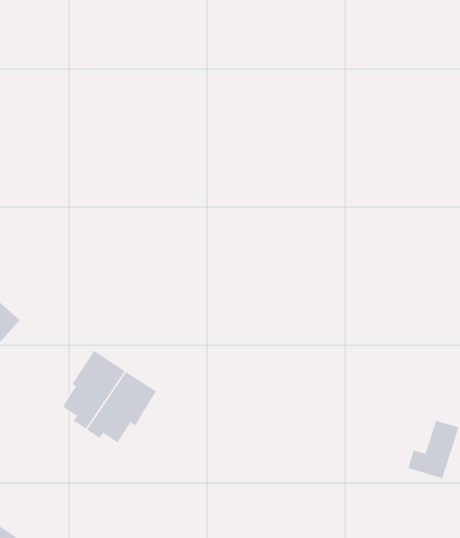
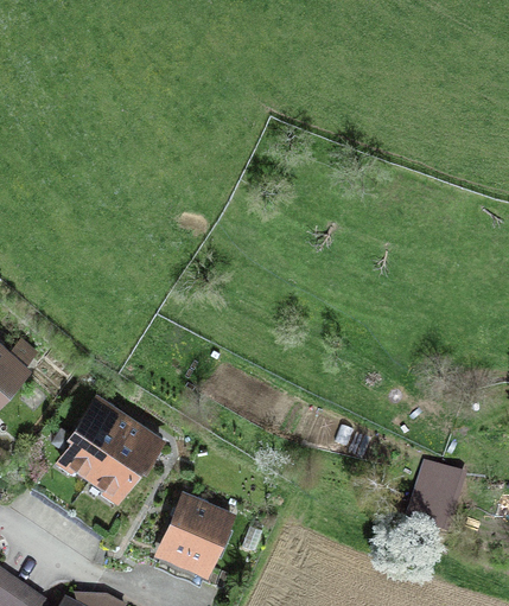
building: none -> [163,496,233,562]

